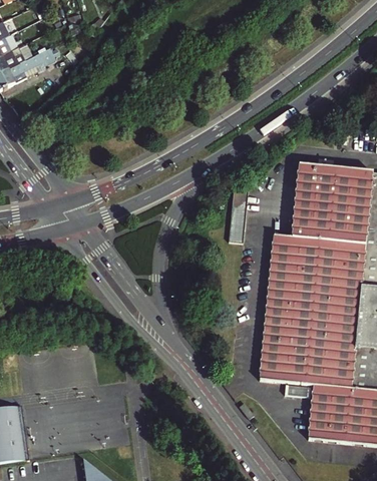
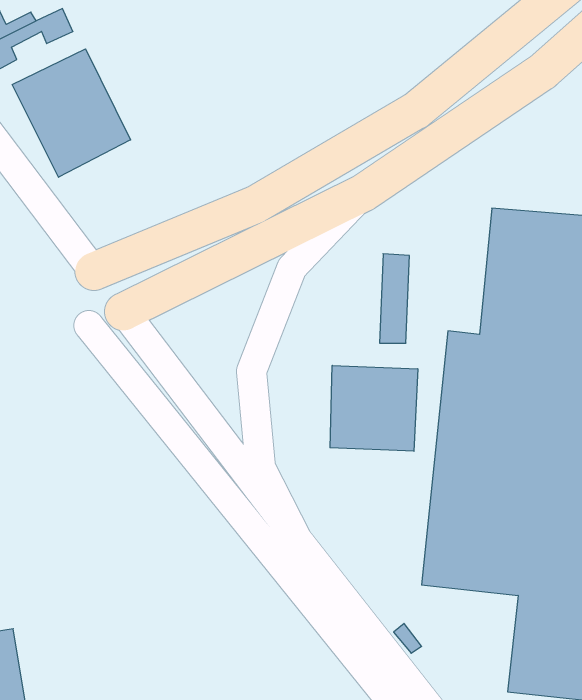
building: none -> [12,49,131,177]
building: none -> [330,365,418,451]

